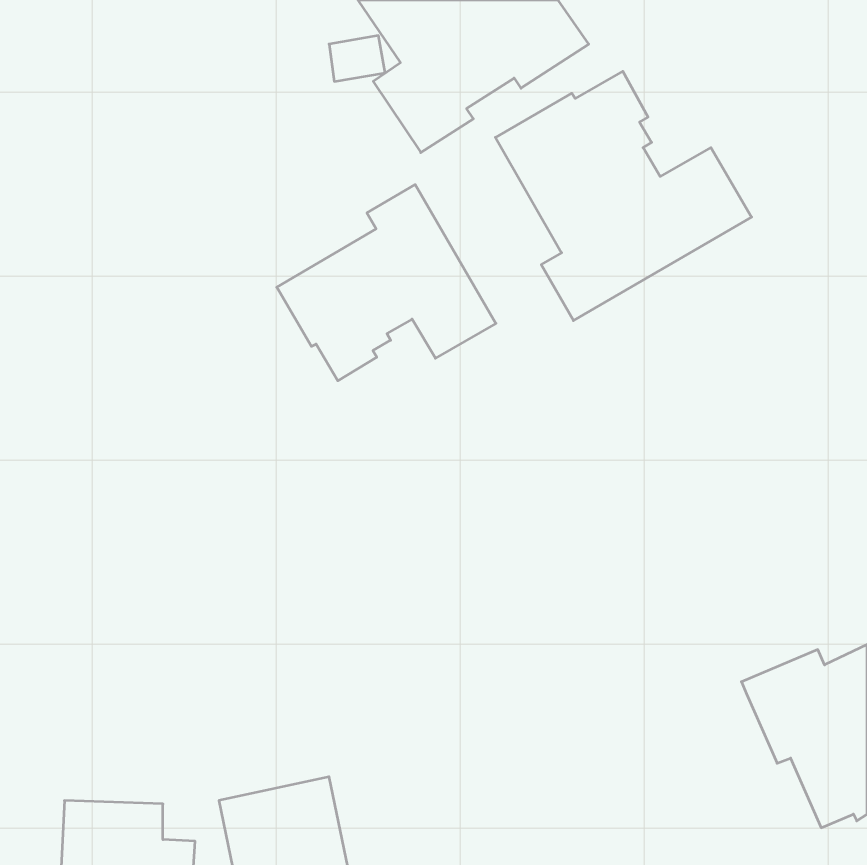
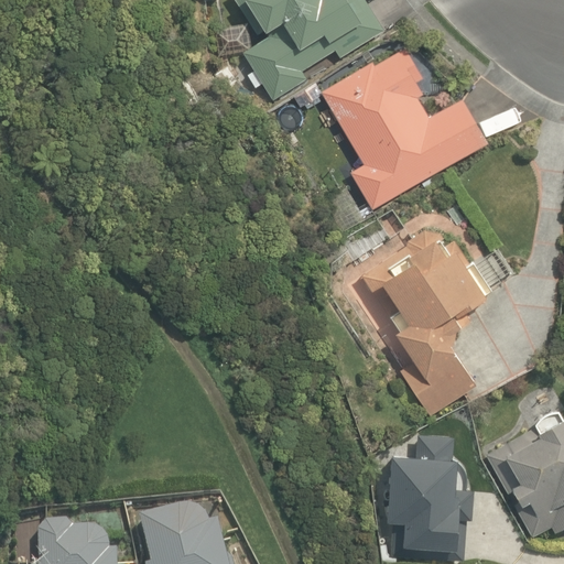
building: [277,185,496,381] -> none
building: none -> [359,229,488,414]
building: none -> [388,432,464,557]

